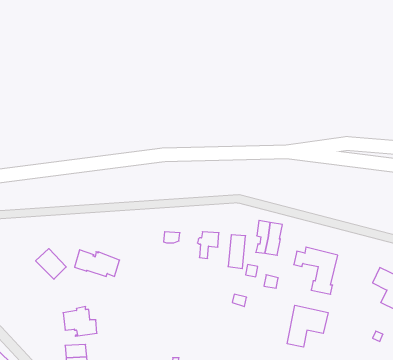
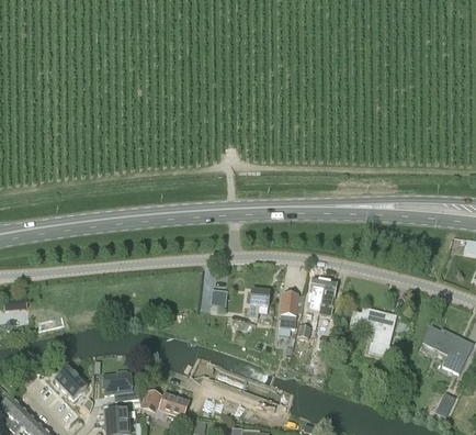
building: [36,249,66,279] -> [53,367,86,400]
building: [75,250,120,276] -> [140,389,189,417]
building: [287,305,328,347] -> none

